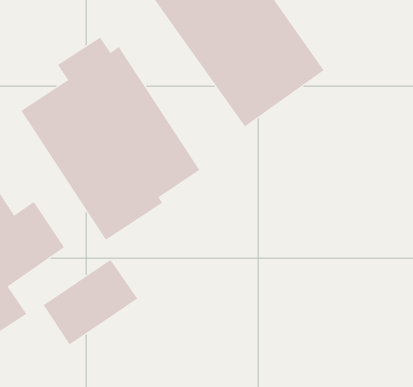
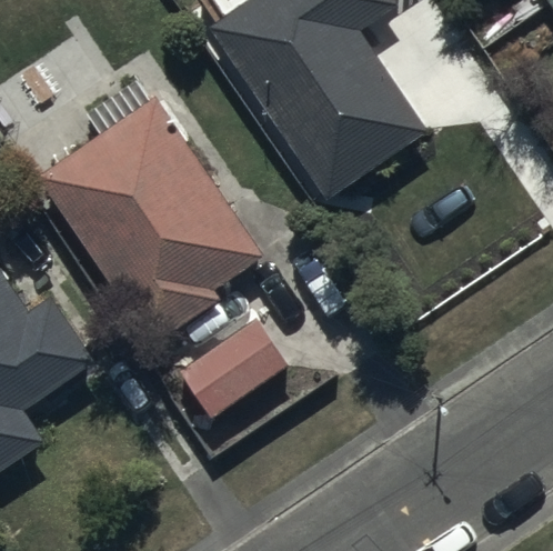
building: [43,259,138,345] -> [168,315,292,428]

